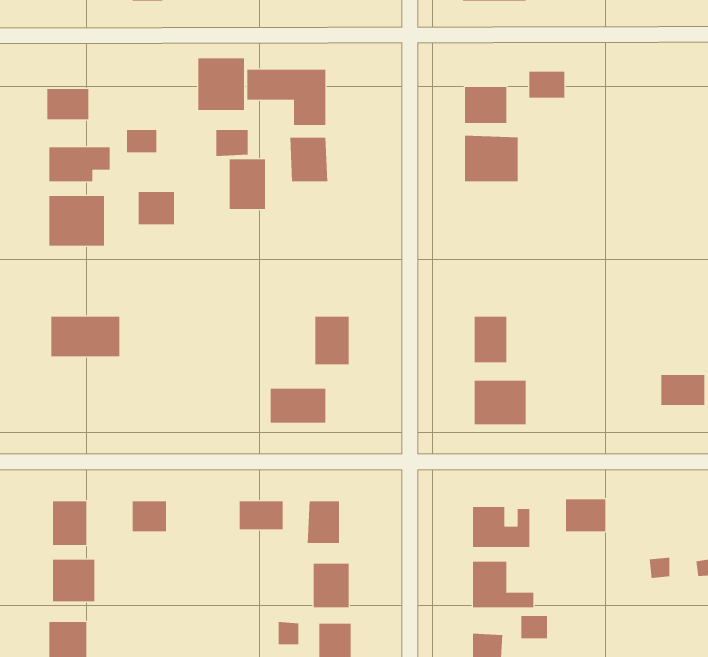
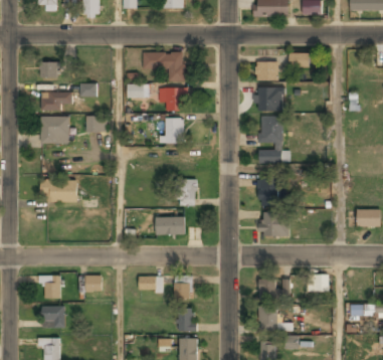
building: [198,58,245,111] -> none
building: [229,159,266,209] -> [164,118,183,144]
building: none -> [258,116,290,164]

